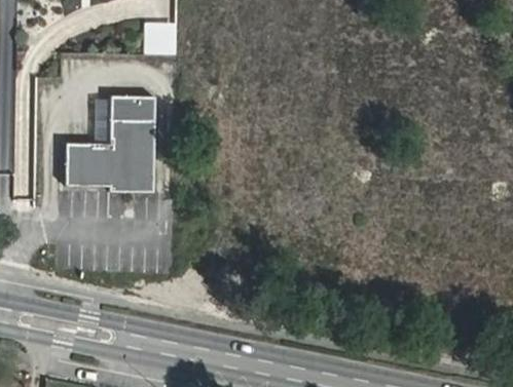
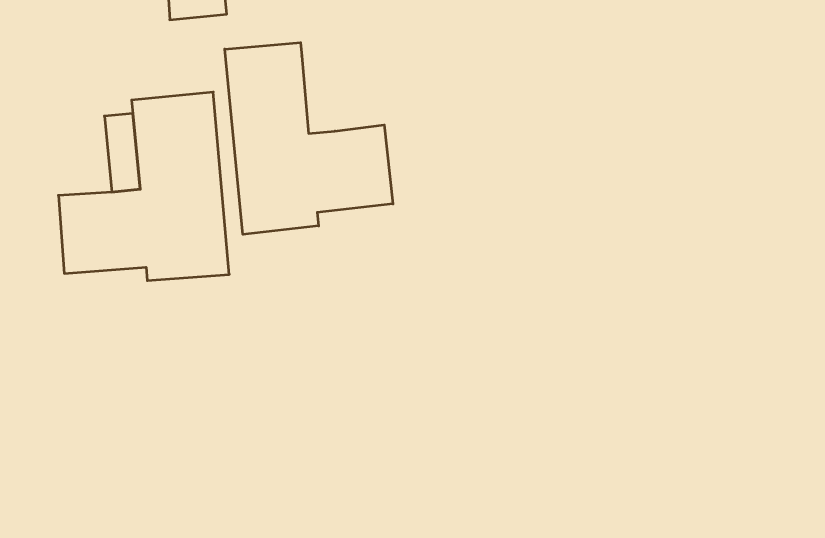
building: none -> [225,43,393,234]

